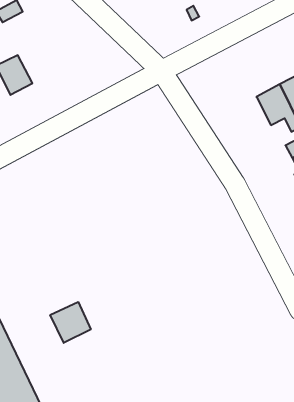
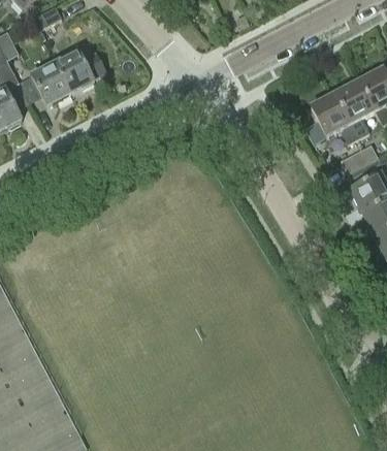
building: none -> [55,51,105,93]
building: [50,302,91,343] -> none

